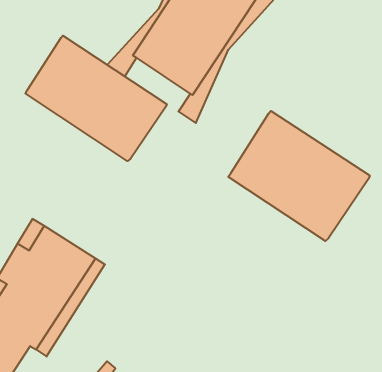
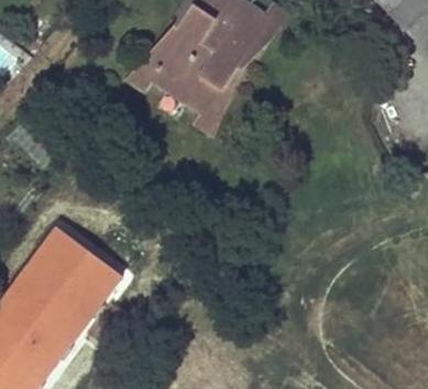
building: [25,36,167,161] -> none
building: [228,111,370,241] -> none

